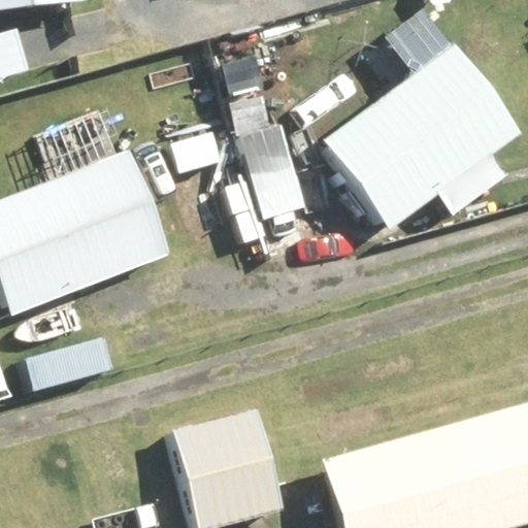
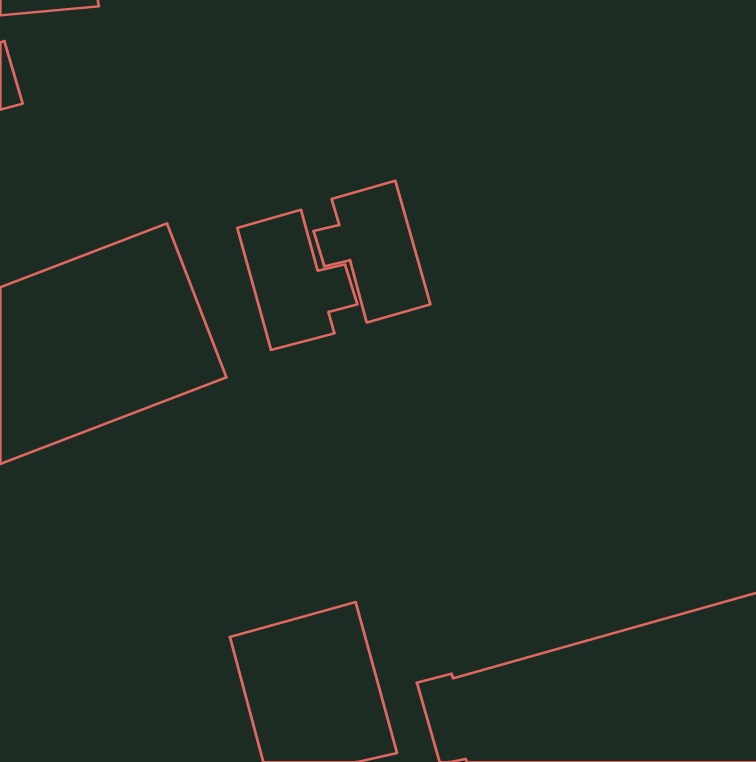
building: [320,48,516,232] -> none

